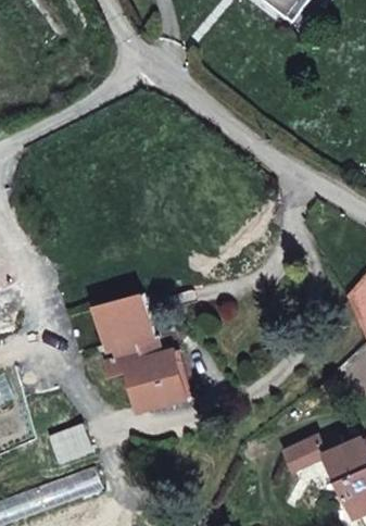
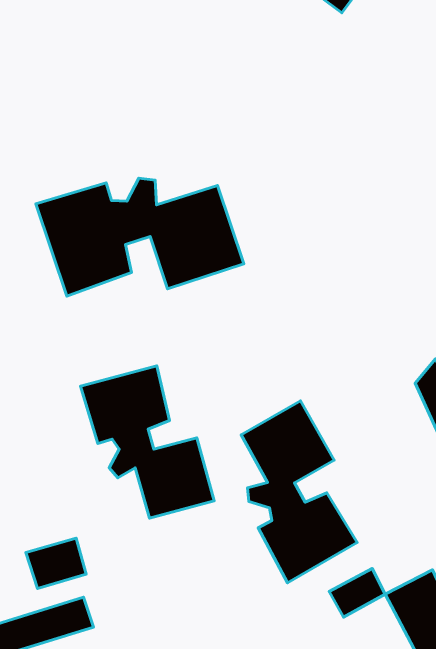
building: none -> [36,178,244,296]
building: none -> [241,401,357,583]

